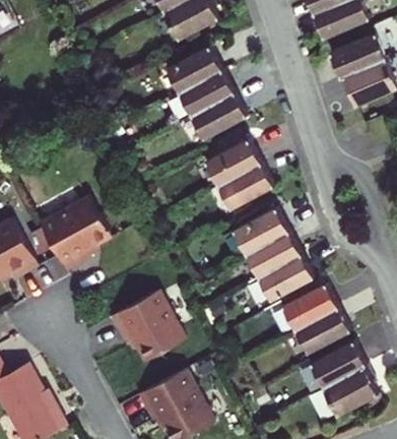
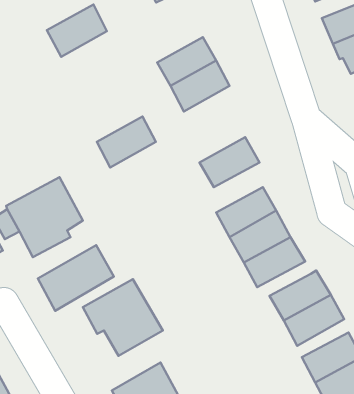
building: [167,47,221,95] -> [47,5,107,57]
building: [206,139,260,186] -> [97,116,156,167]
building: none -> [38,245,114,311]

